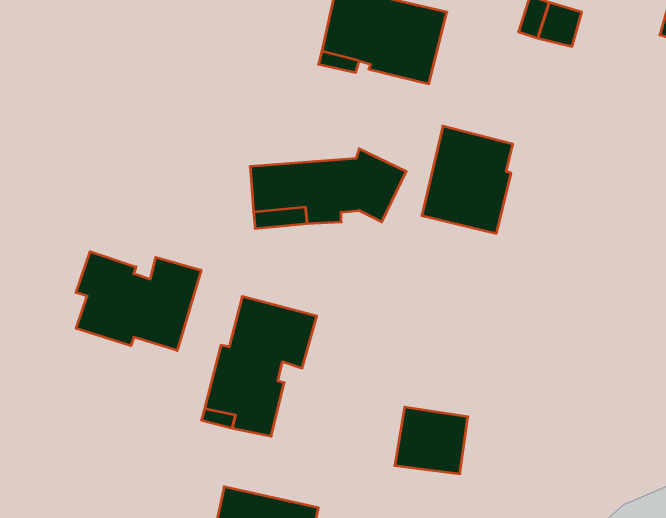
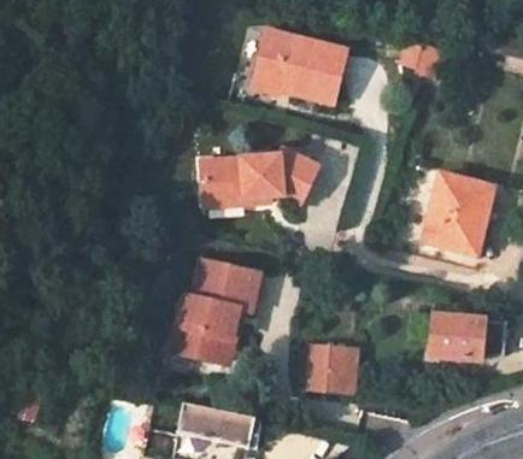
building: [422,126,513,233] -> [428,172,495,252]
building: [76,252,201,351] -> none
building: none -> [423,312,505,360]

